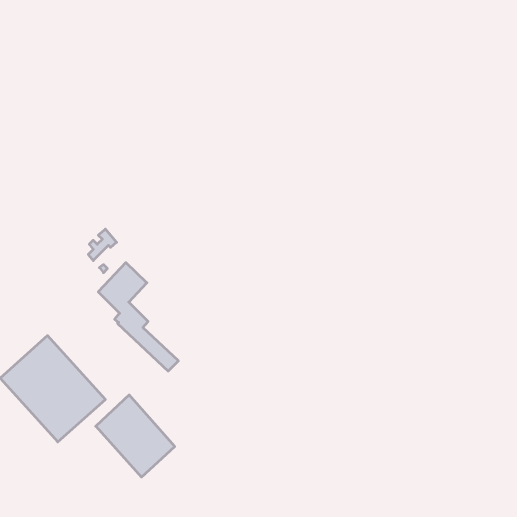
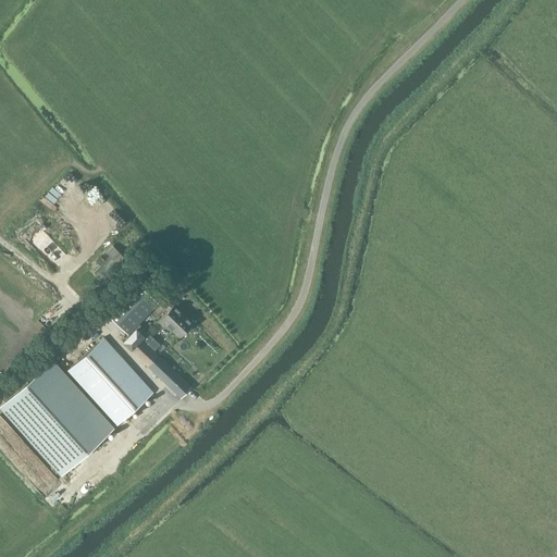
building: none -> [158,306,193,338]
building: [96,395,175,477] -> [69,338,153,426]

